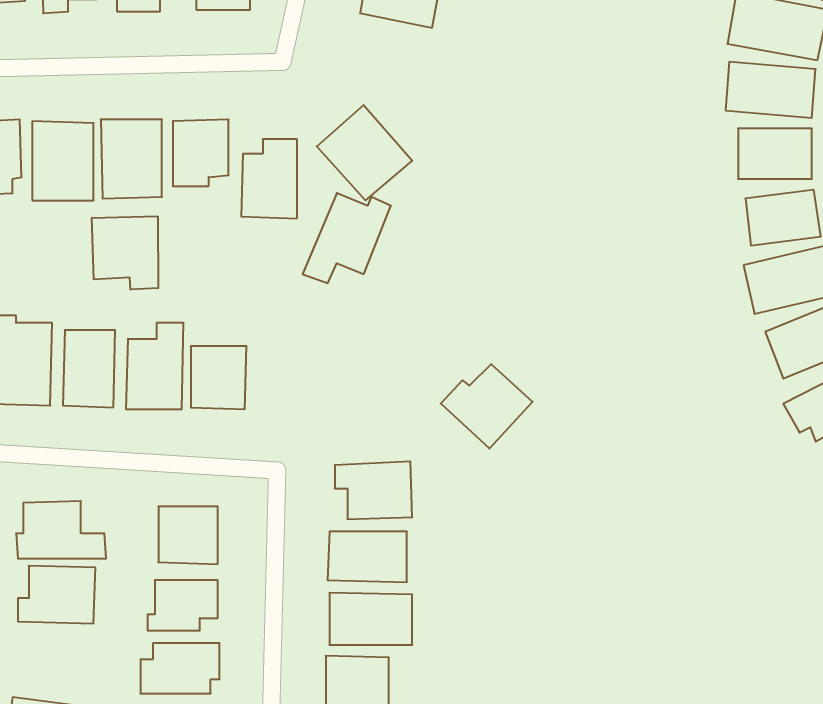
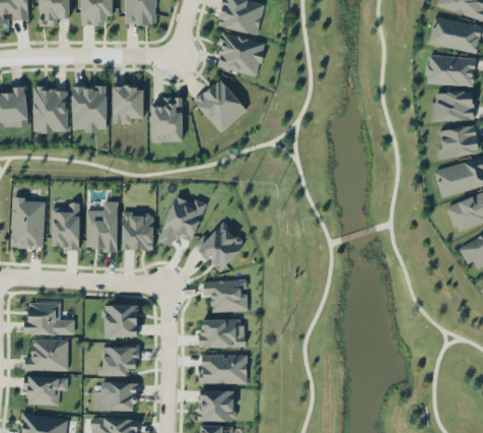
building: none -> [216,32,266,76]
building: [303,193,391,283] -> [157,196,207,247]
building: [92,216,158,290] -> none
building: [441,364,533,449] -> [194,224,246,271]
building: none -> [24,375,68,406]

